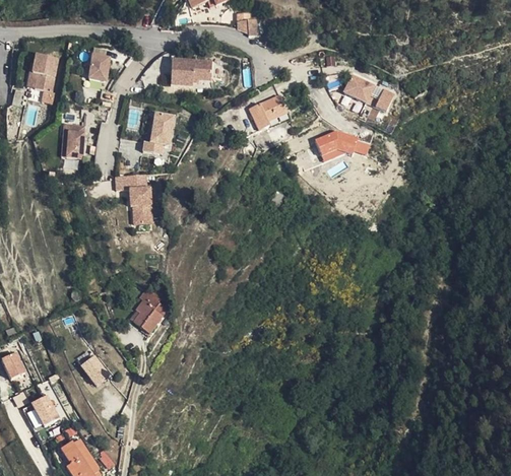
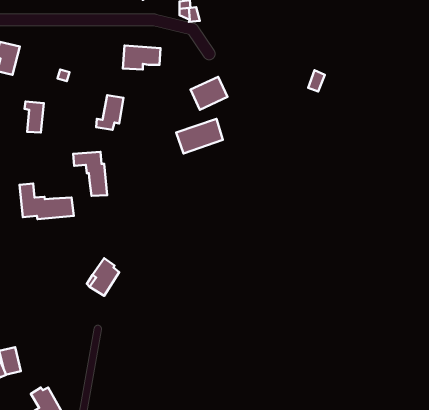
building: [88,55,110,80] -> none
building: [342,75,373,101] -> none
building: [315,124,367,162] -> [176,119,223,154]
building: none -> [19,183,74,219]
building: [80,353,111,386] -> none

